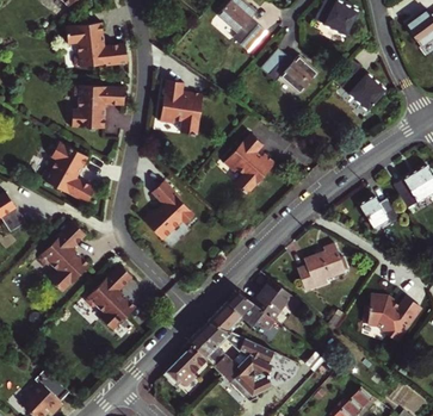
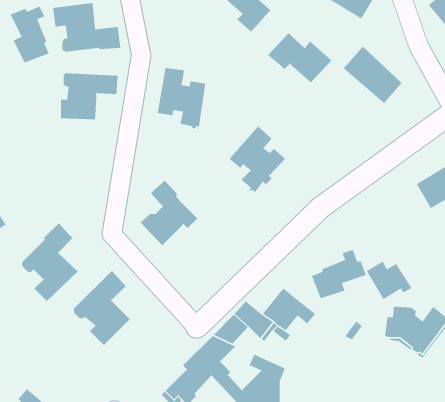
building: none -> [9,6,50,63]
building: [42,142,95,204] -> none
building: [359,197,401,232] -> [366,260,412,300]

